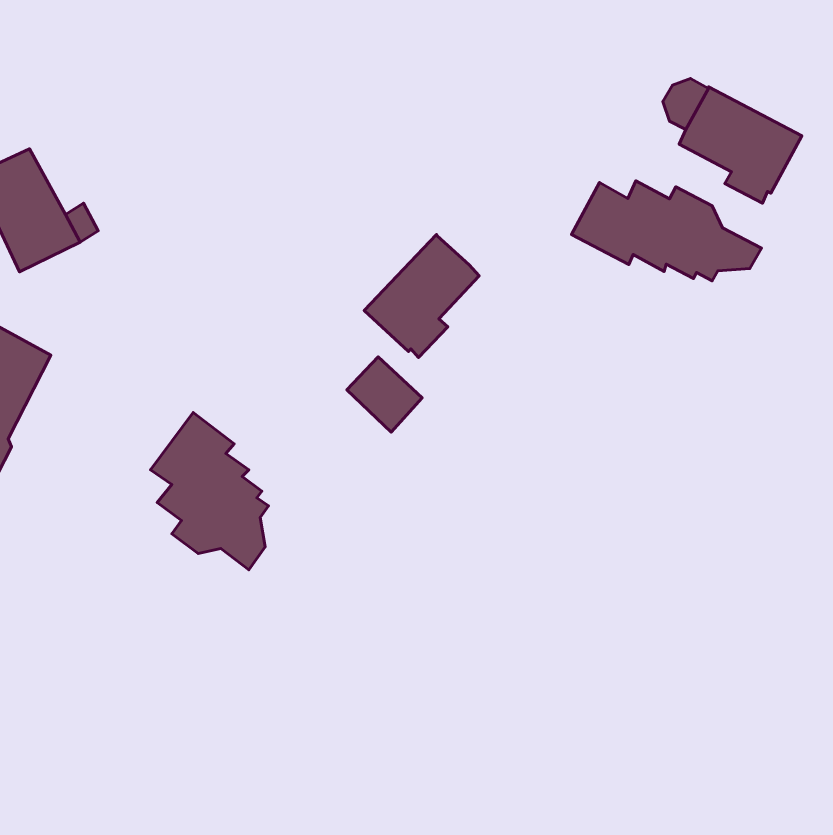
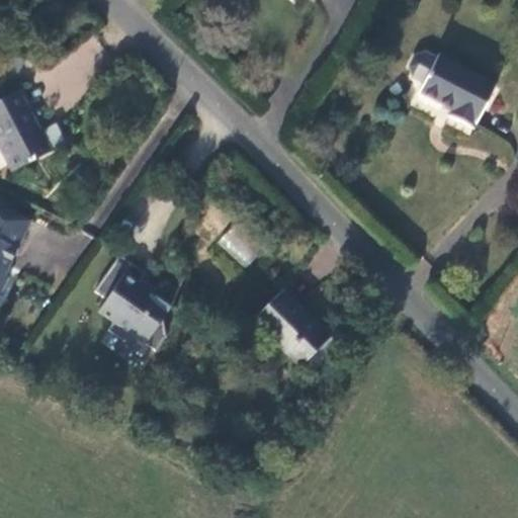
building: [572,181,761,281] -> none
building: [364,234,479,357] -> none
building: none -> [254,291,327,366]

